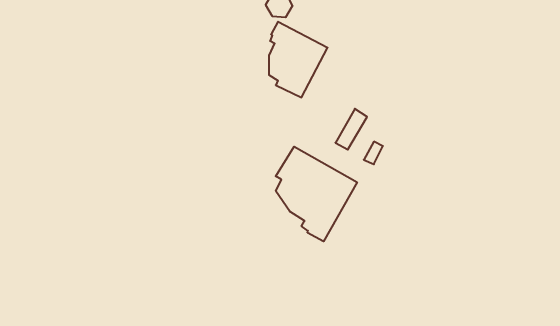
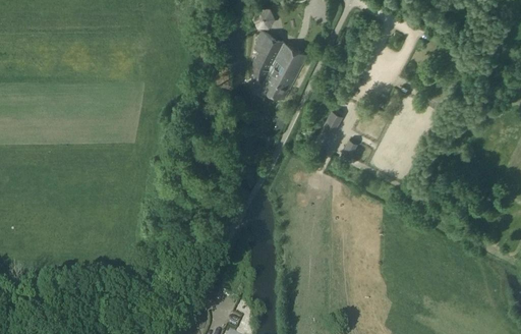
building: [276,147,357,241] -> none

